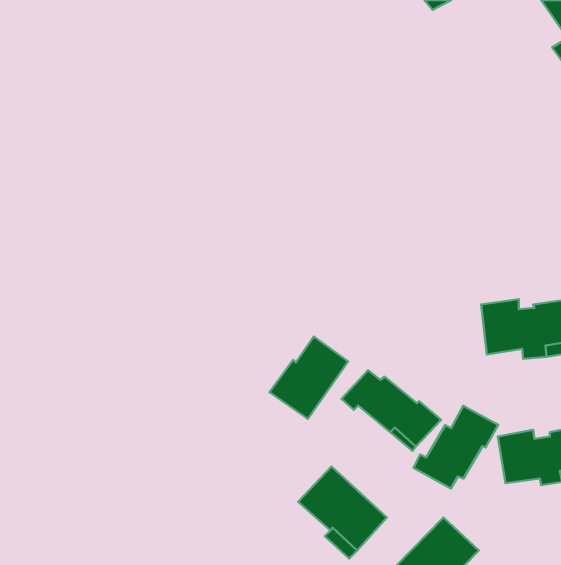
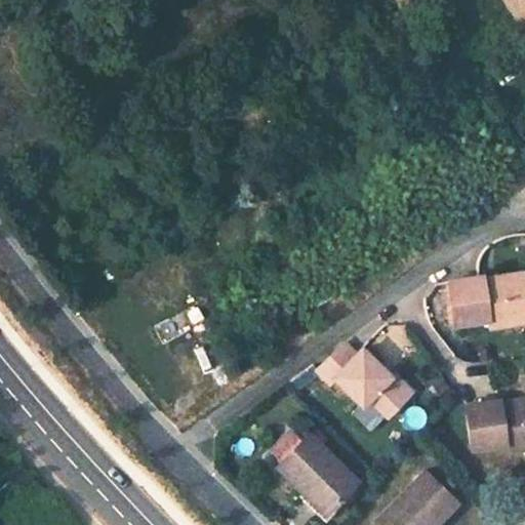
building: [270,336,348,419] -> none
building: [413,406,498,489] -> none

